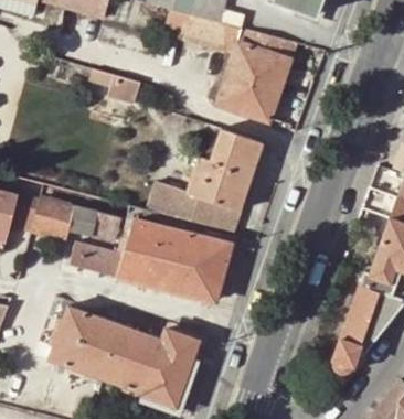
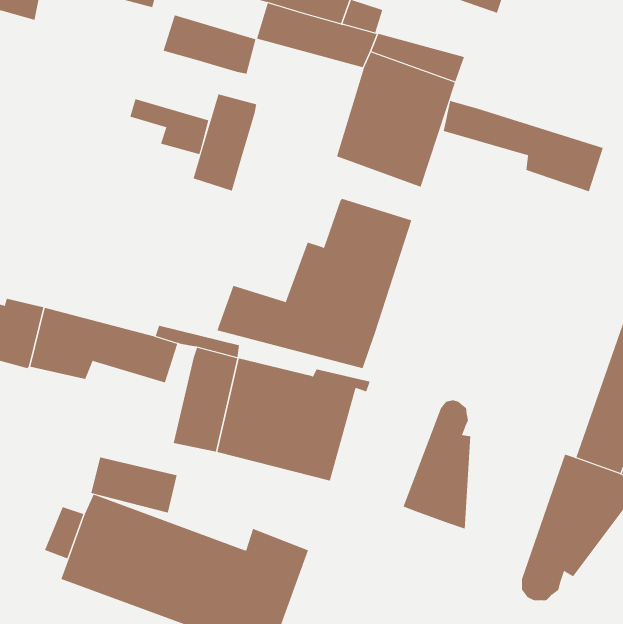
building: none -> [163,15,256,75]
building: none -> [193,94,257,191]
building: none -> [443,100,604,192]
building: [71,244,124,278] -> [91,457,178,513]
building: none -> [403,400,471,529]

